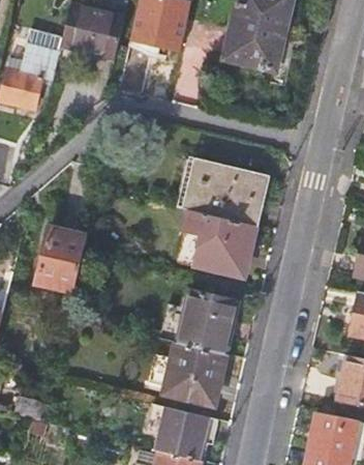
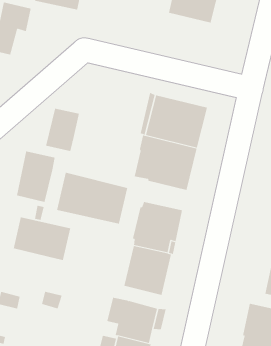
building: none -> [46,108,79,152]
building: none -> [57,172,128,225]
building: none -> [13,217,71,261]

